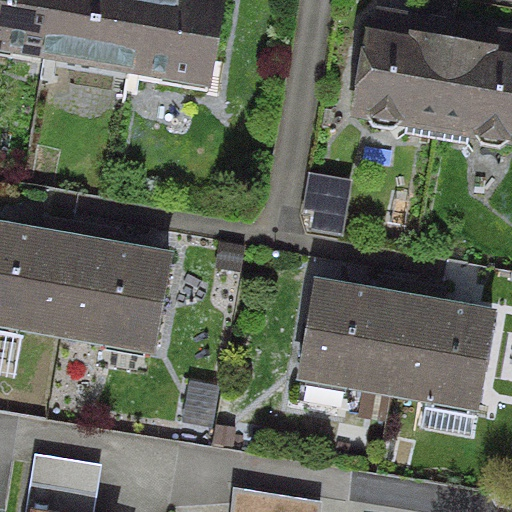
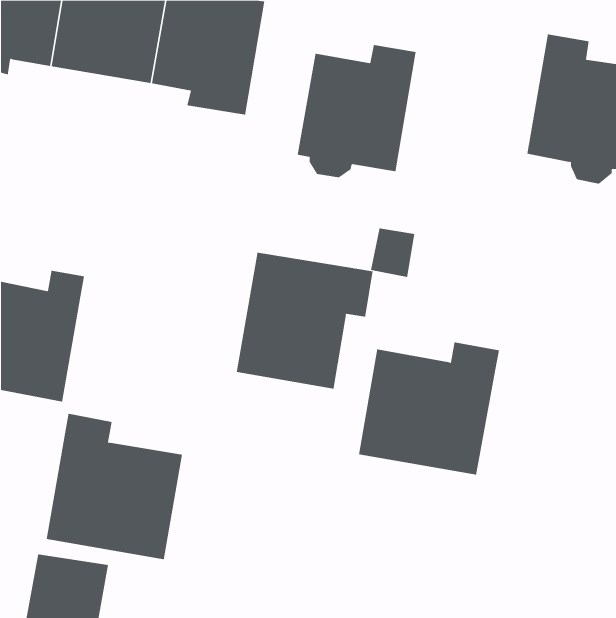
building: [355,23,454,133] -> [297,45,417,178]
building: none -> [236,252,373,390]
building: [54,229,167,350] -> [46,413,183,560]
building: [396,290,490,407] -> none

